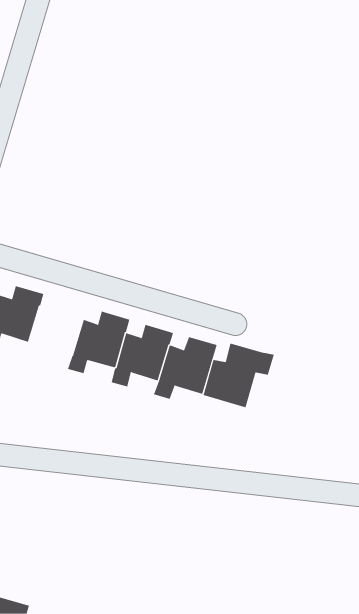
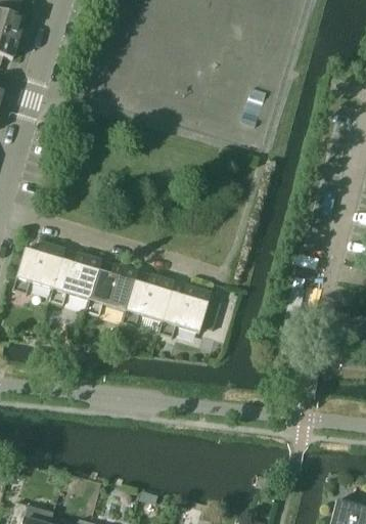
building: none -> [50,252,103,305]
building: [203,343,274,408] -> none

